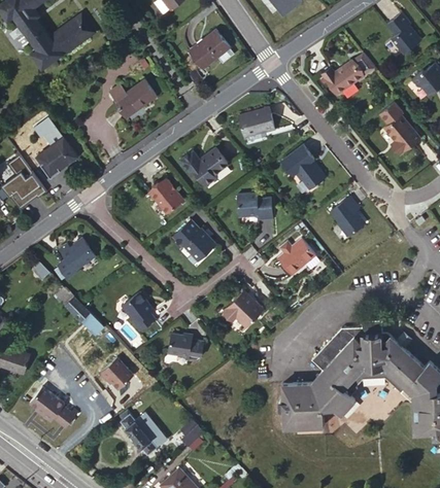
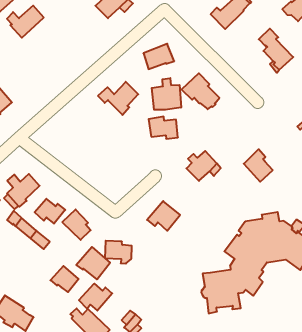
building: [110,80,155,117] -> [7,6,44,38]
building: none -> [152,78,181,110]
building: [150,177,184,211] -> none
building: [329,198,363,237] -> [244,149,273,182]
building: [173,219,216,259] -> none
building: none -> [35,199,65,224]
building: none -> [76,247,110,279]
building: none -> [79,284,112,311]

